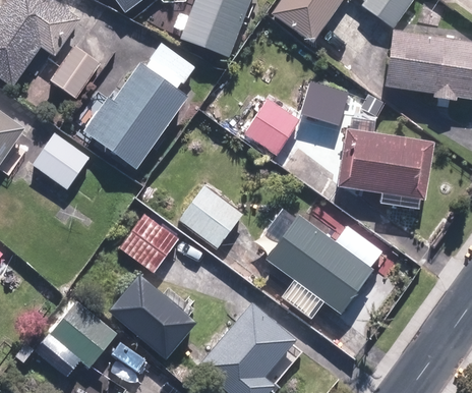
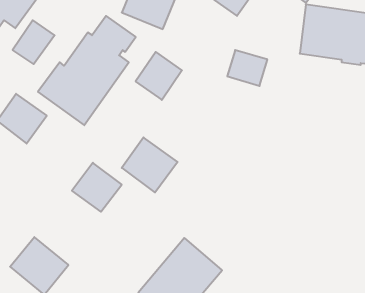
building: [244,100,298,156] -> [136,52,182,100]
building: [338,128,433,199] -> none
building: [264,215,373,315] -> none
building: [110,276,197,359] -> none

